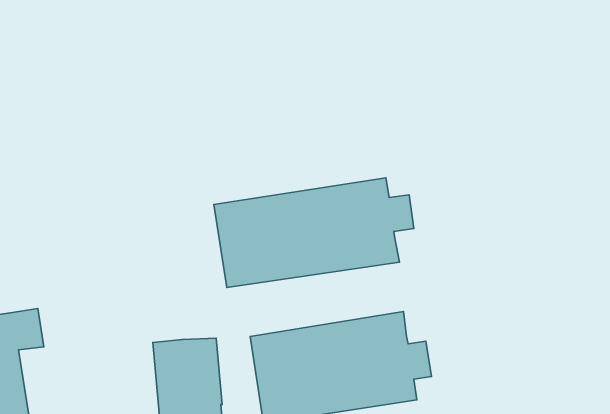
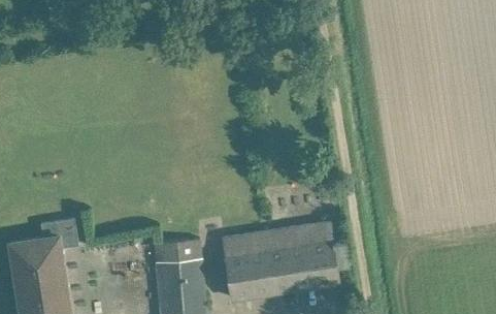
building: [214,178,414,287] -> none

